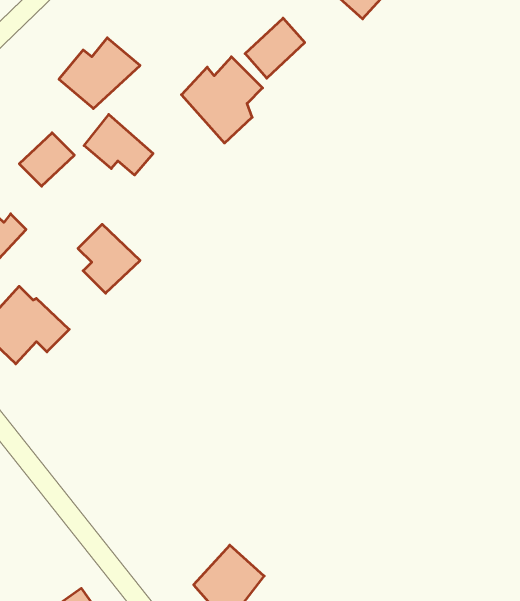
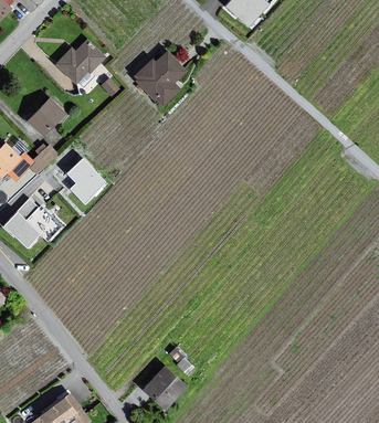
building: [245,18,305,78] -> none
building: [84,114,153,175] -> none

